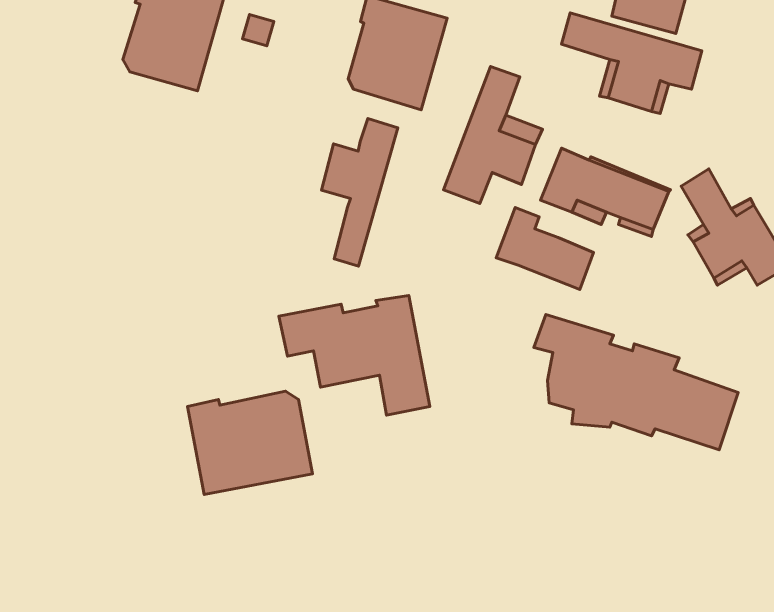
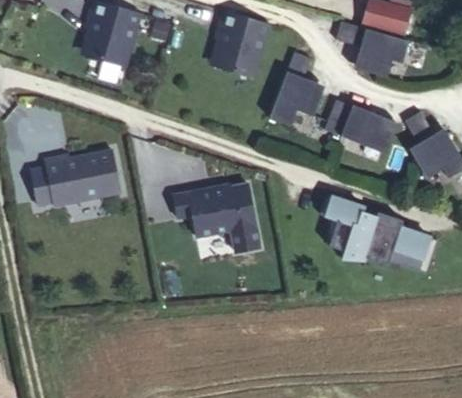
building: [322,119,398,266] -> none
building: [496,207,594,290] -> none
building: none -> [30,149,121,204]
building: [188,391,312,494] -> none

